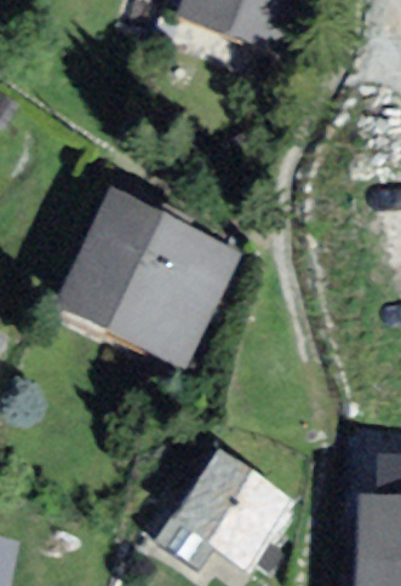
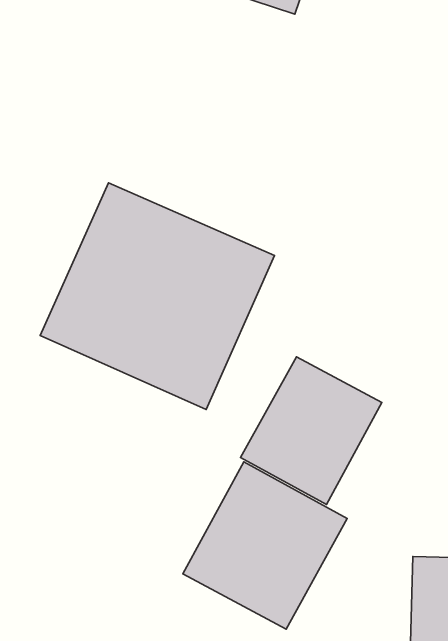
building: none -> [240,357,382,505]

